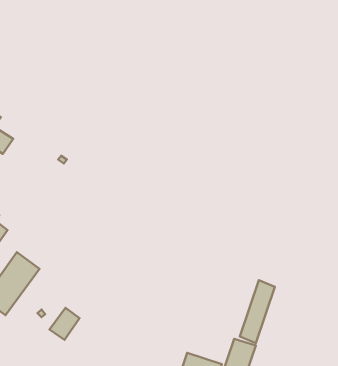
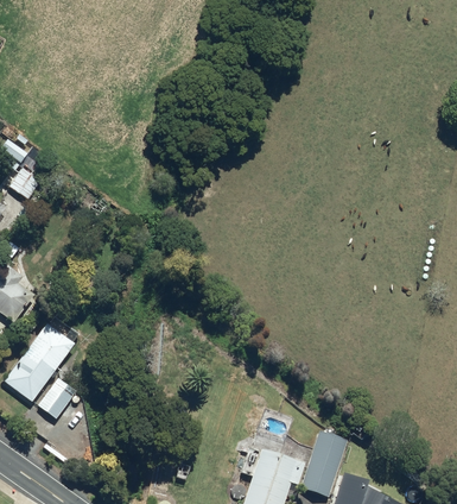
building: [240,280,275,343] -> none
building: [49,308,80,340] -> [38,378,76,418]

